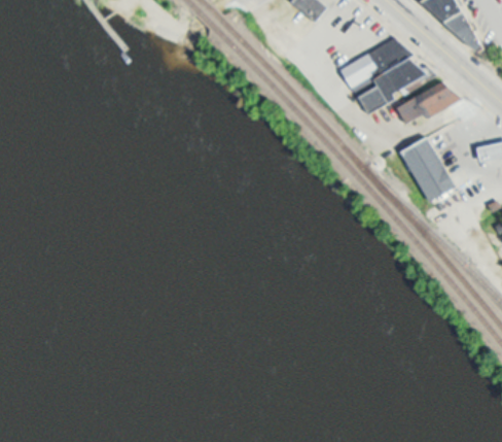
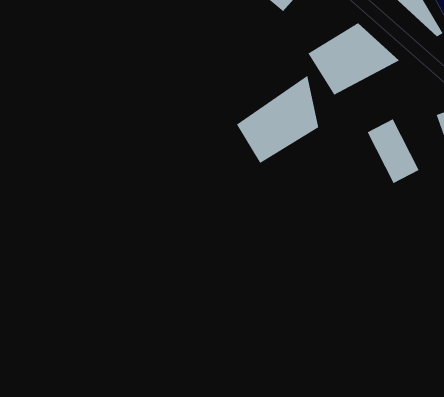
building: [396,88,458,128] -> none
building: none -> [236,75,319,164]

